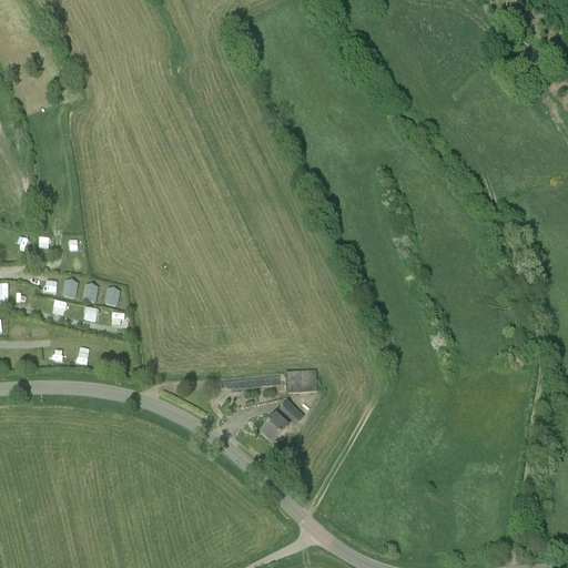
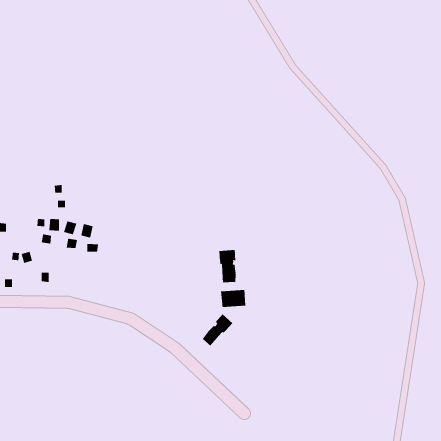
building: none -> [219,249,236,283]

